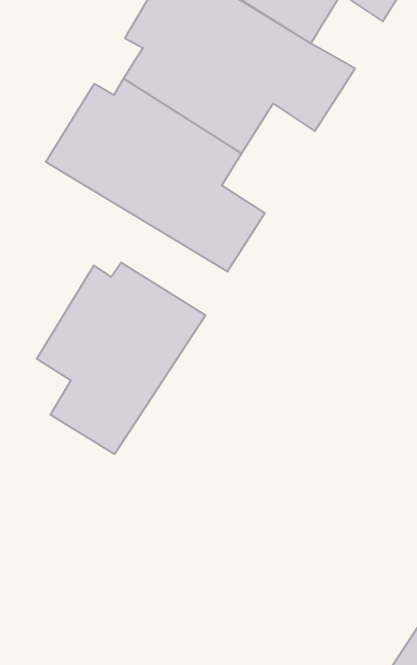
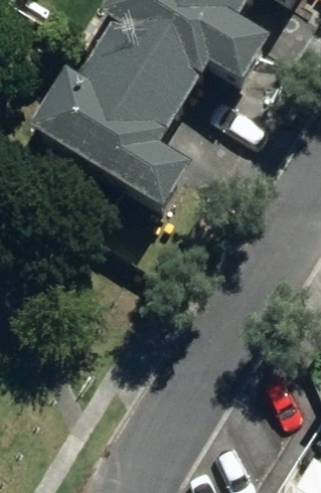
building: [37,262,205,454] -> none

